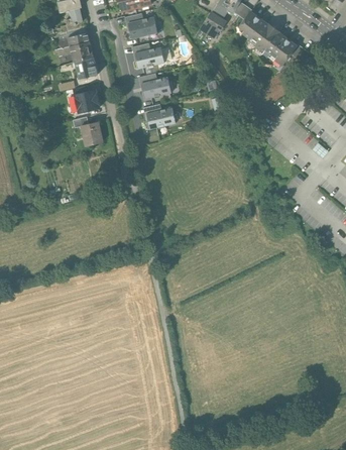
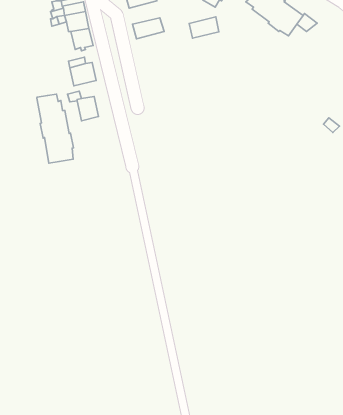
building: [142,77,170,97] -> [189,17,219,38]
building: [146,107,176,127] -> none
building: none -> [37,94,74,163]

